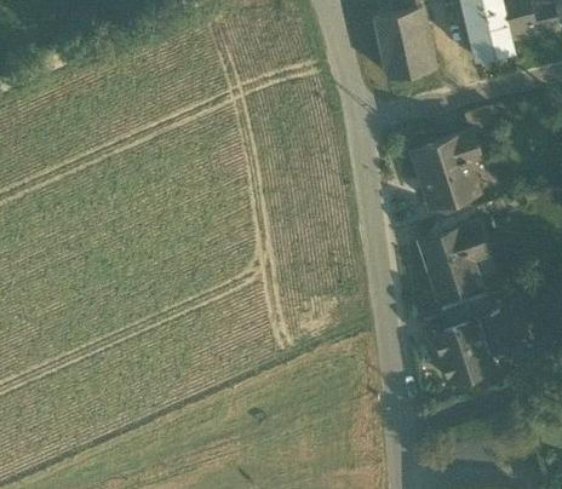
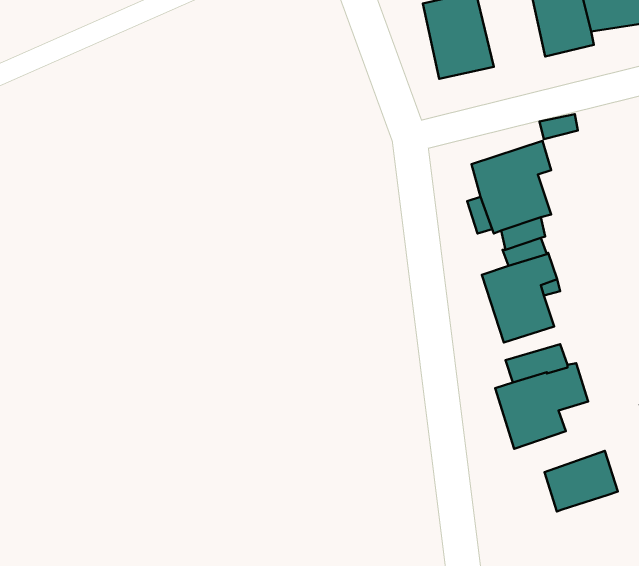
building: none -> [544,451,618,511]

